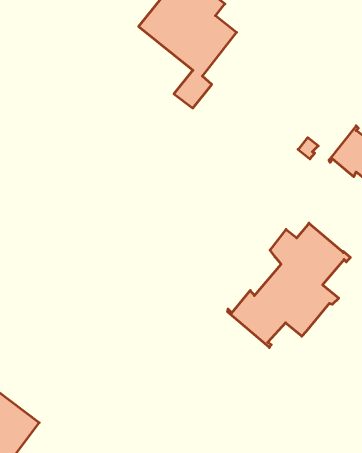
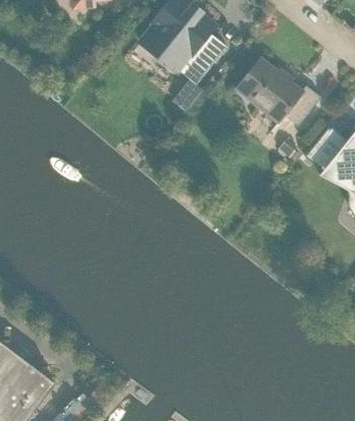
building: none -> [238,60,319,125]
building: [228,223,350,348] -> none

